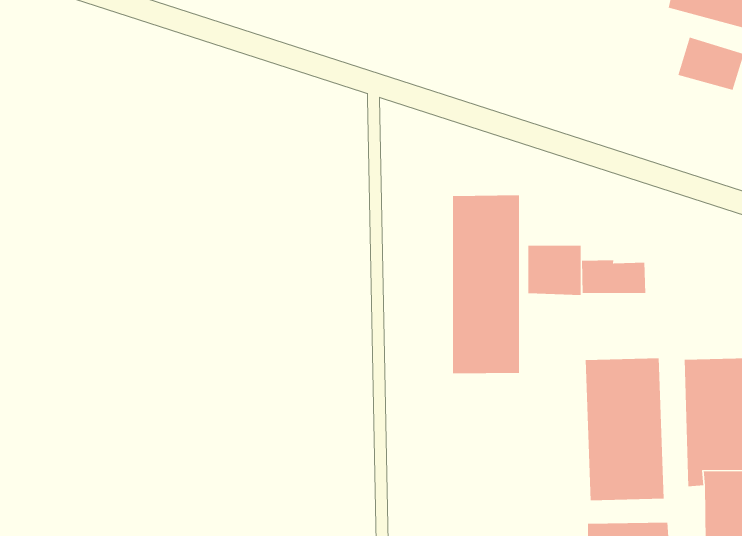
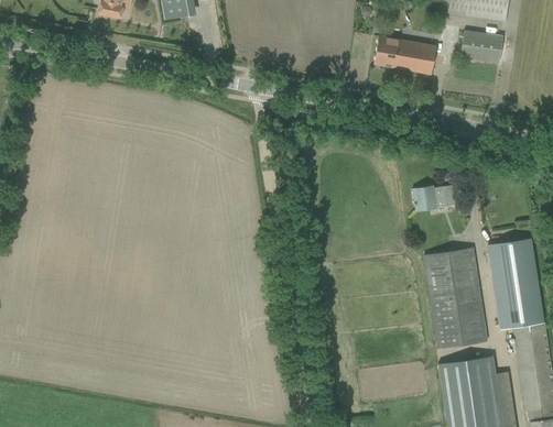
building: none -> [373,35,436,74]
building: [452,195,519,374] -> none
building: [528,245,581,296] -> none

